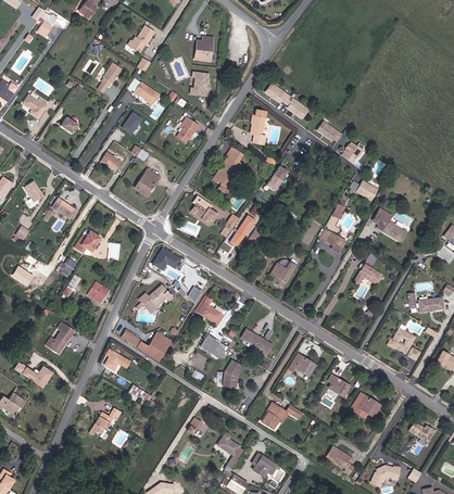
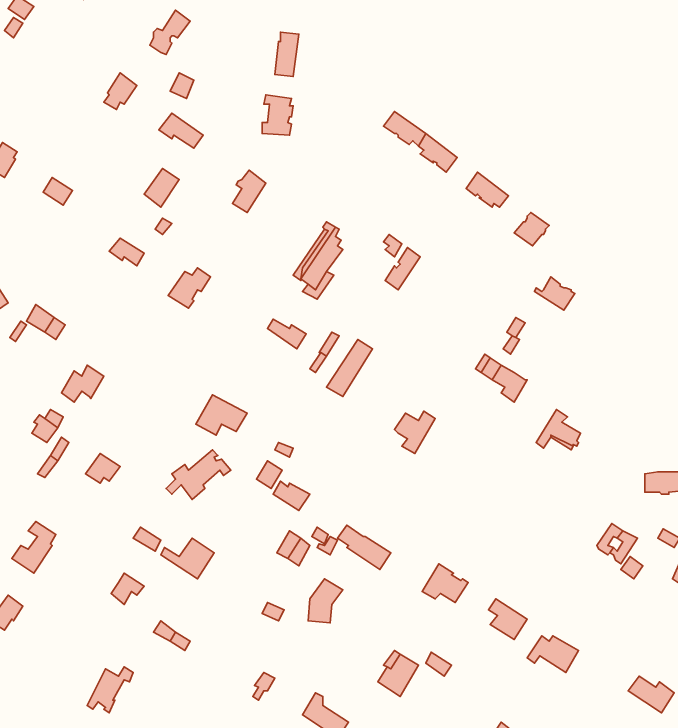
building: [251,112,268,148] -> none
building: [376,205,408,239] -> none

